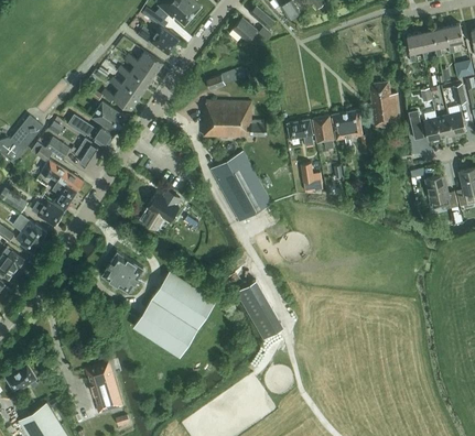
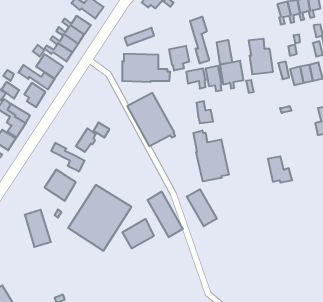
building: none -> [190,17,209,64]
building: none -> [217,40,232,64]
building: none -> [169,46,189,71]
building: [425,175,457,209] -> [268,156,292,183]
building: none -> [193,130,229,181]
building: none -> [51,143,85,172]
building: none -> [187,189,217,226]
building: none -> [123,219,154,248]
building: [86,362,120,411] -> [25,210,51,247]

